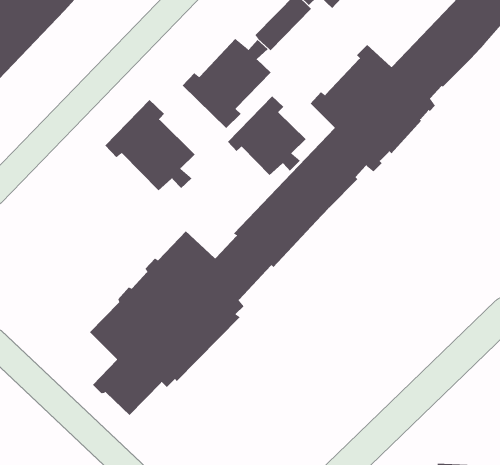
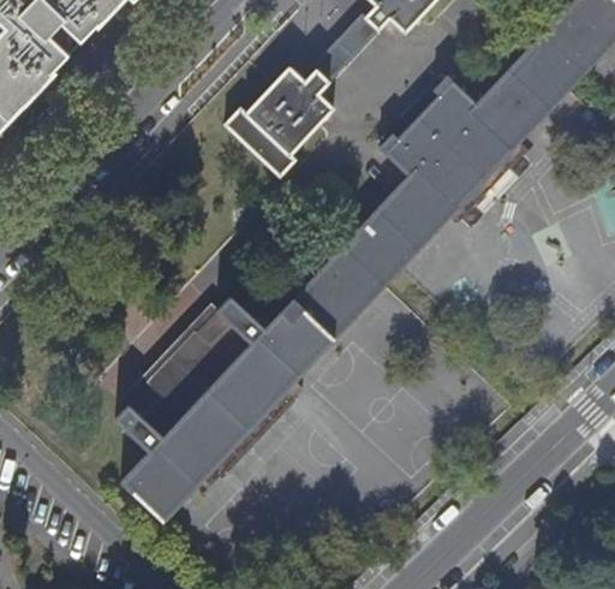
building: [227,96,306,176] -> none
building: [104,99,195,191] -> none

